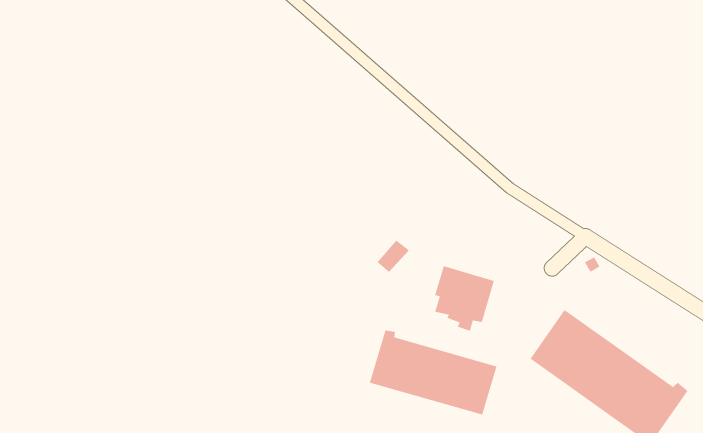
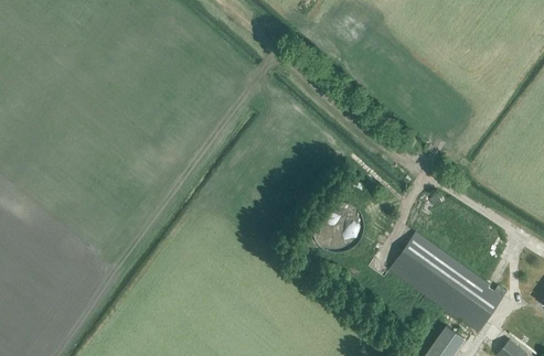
building: [369,330,497,415] -> none

